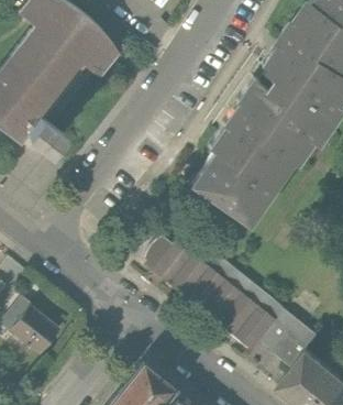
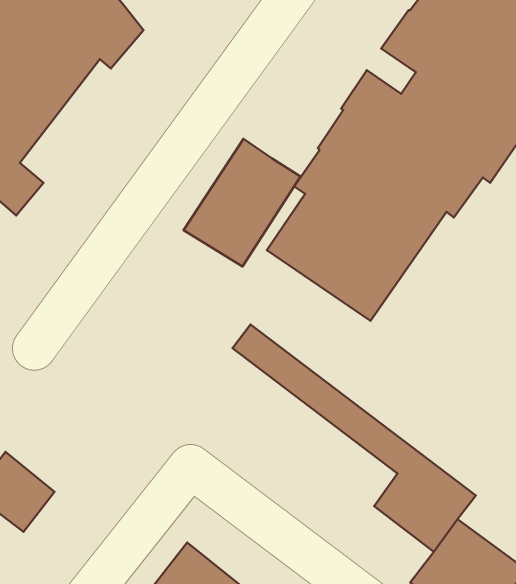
building: none -> [183,139,301,266]
building: [147,245,269,350] -> none

